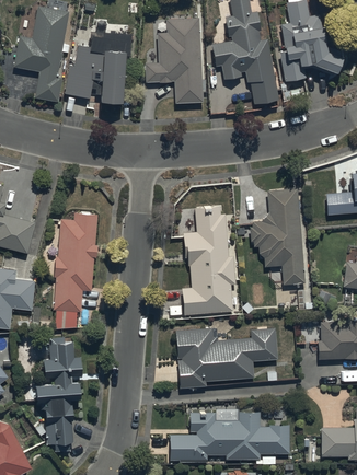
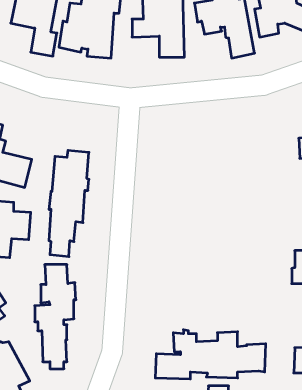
building: [250,187,304,282] -> none
building: [182,206,237,314] -> none
building: [175,327,277,386] -> none

